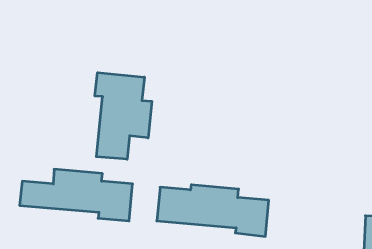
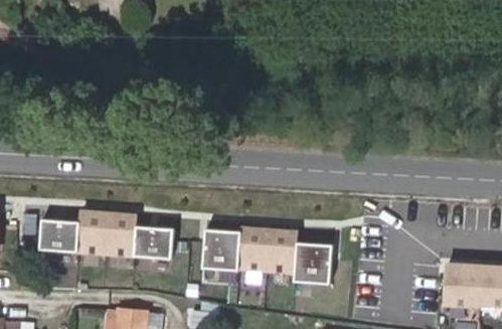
building: [95,73,152,159] -> none

